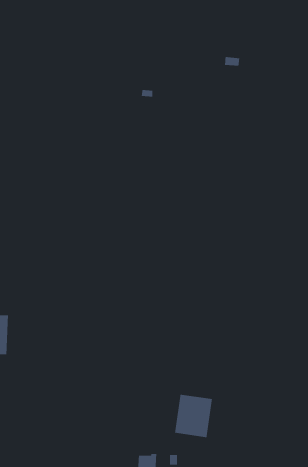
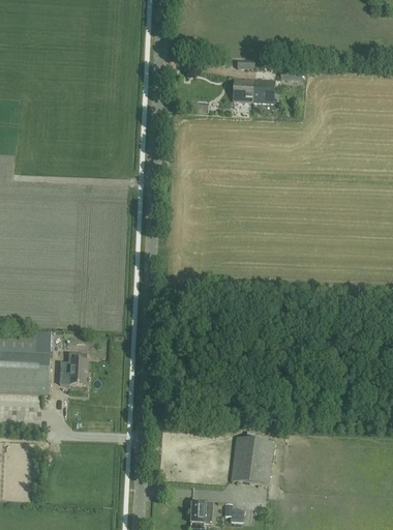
building: none -> [233,79,274,104]
building: none -> [68,358,88,384]

